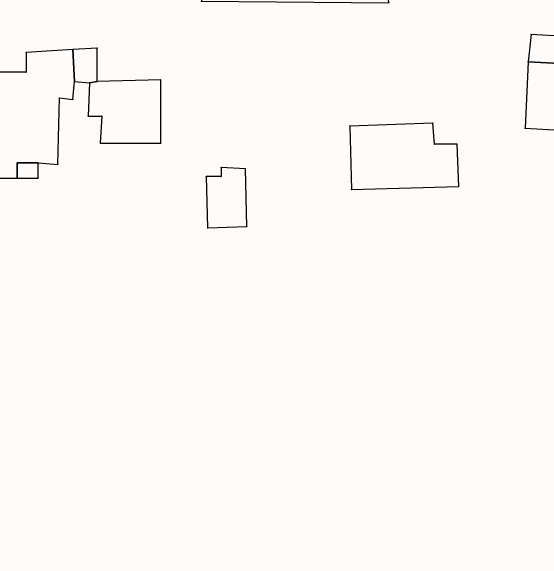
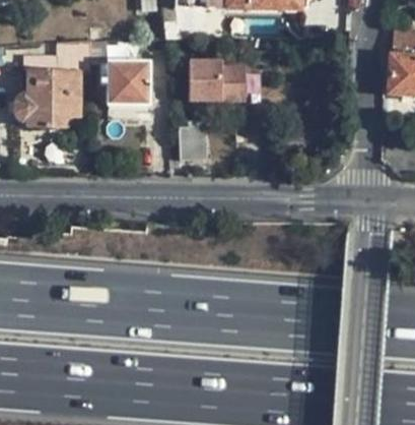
building: [350,123,459,190] -> [189,57,262,102]

